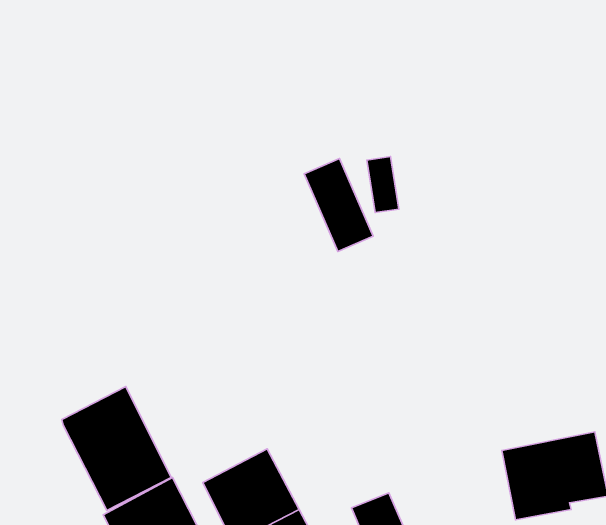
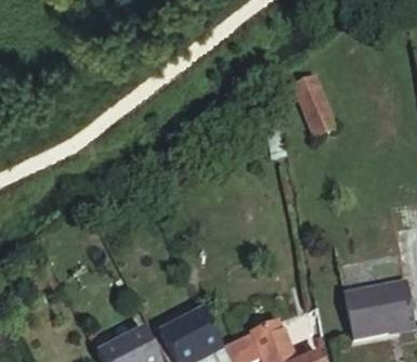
building: [304,159,373,251] -> [294,75,338,134]
building: [62,386,171,511] -> none

